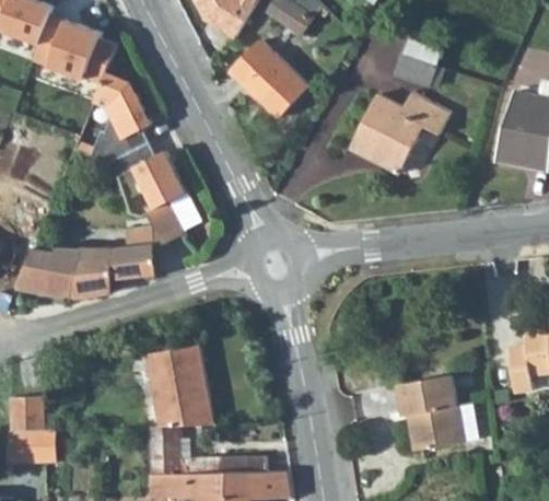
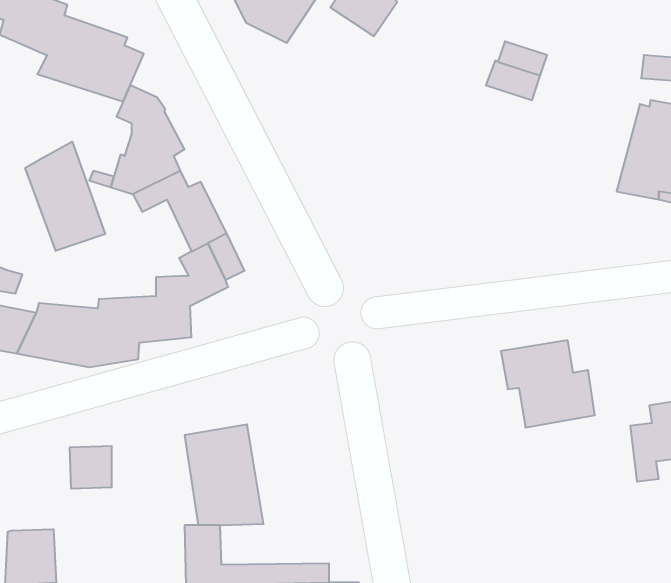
building: [230,40,307,119] -> none
building: [350,92,448,173] -> none
building: none -> [25,142,105,251]
building: [394,374,469,444] -> [501,340,595,427]
building: [10,397,44,431] -> [70,446,112,488]

